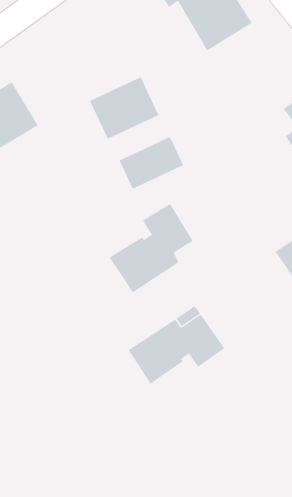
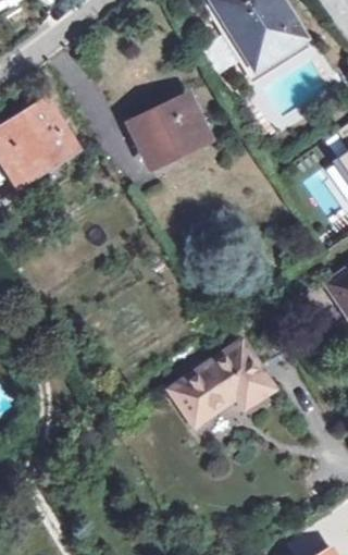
building: [119,136,184,190] -> none
building: [109,203,194,293] -> none

